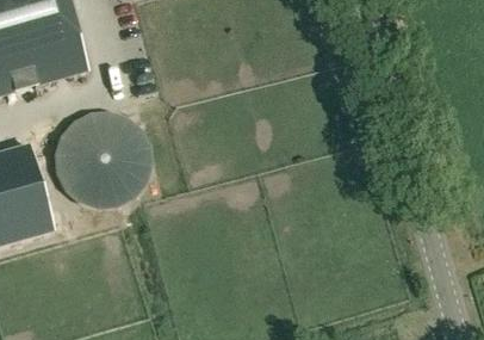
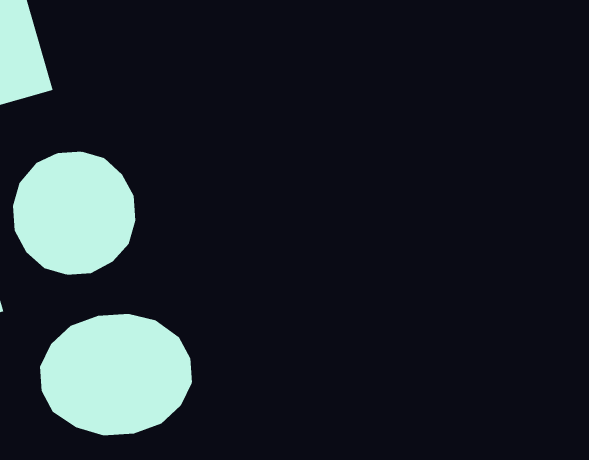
building: none -> [39,313,192,436]

